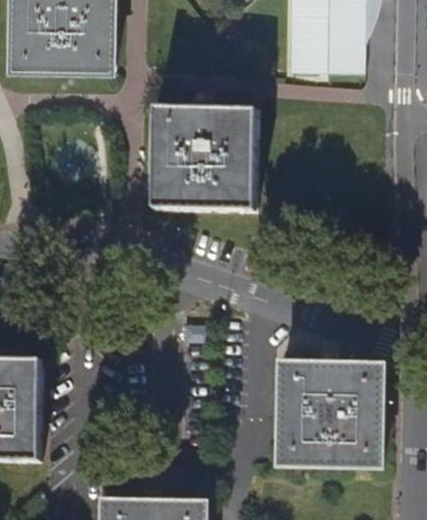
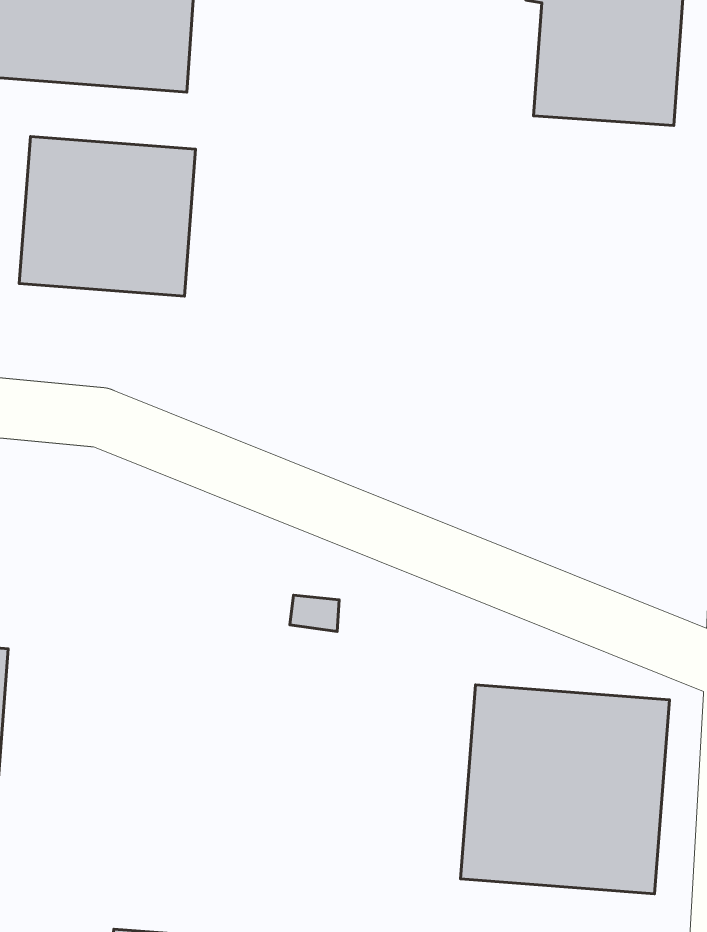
building: none -> [19,137,196,296]
building: [156,110,258,210] -> none

